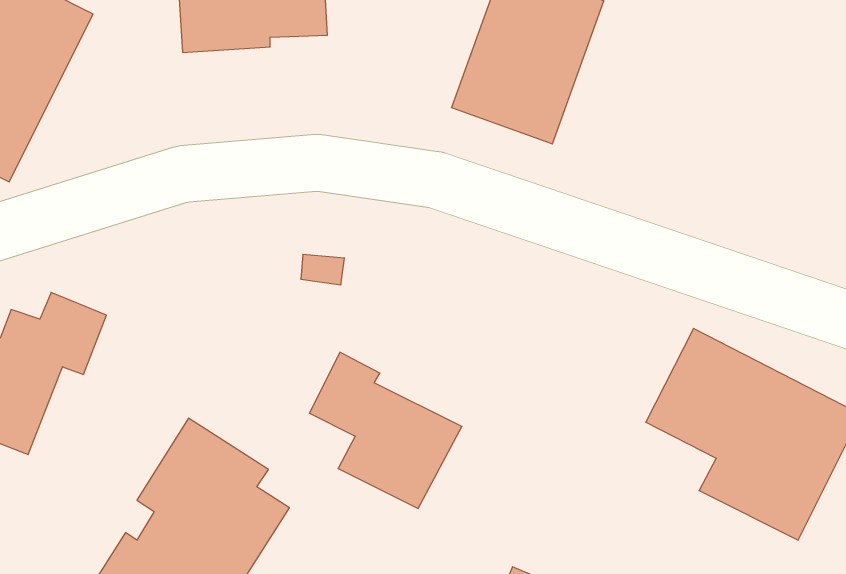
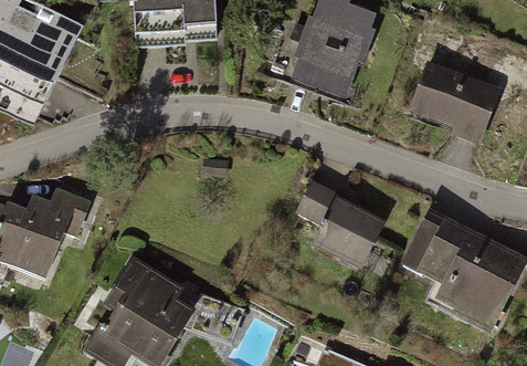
building: none -> [407,57,500,145]
building: [309,352,462,508] -> [295,179,383,270]

